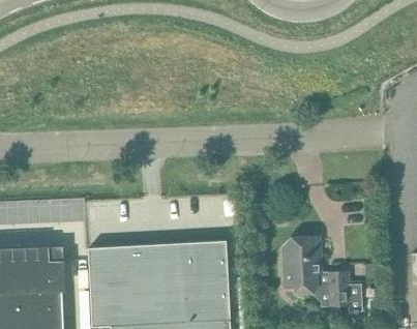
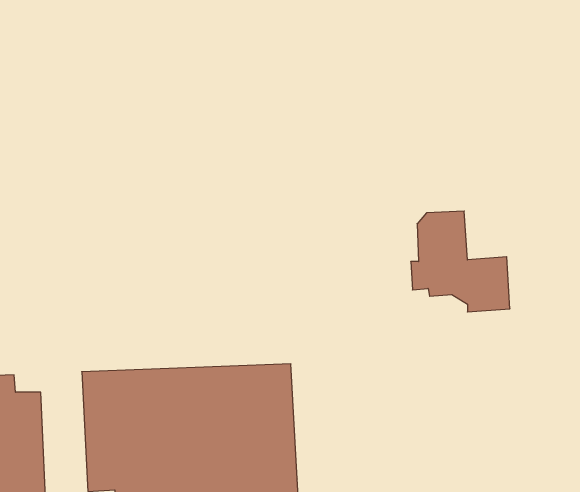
building: [285,241,350,307] -> [411,211,510,312]

